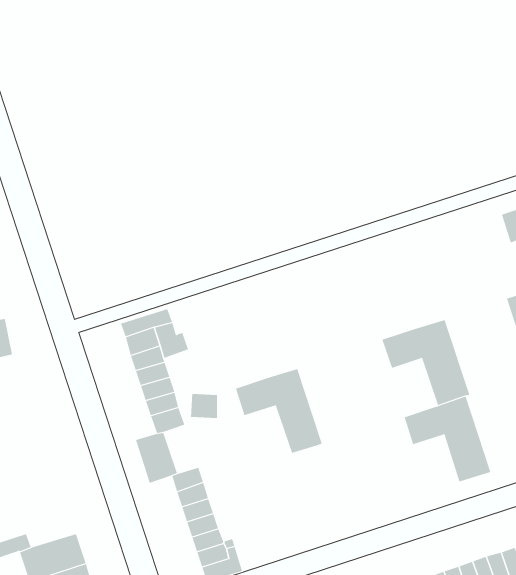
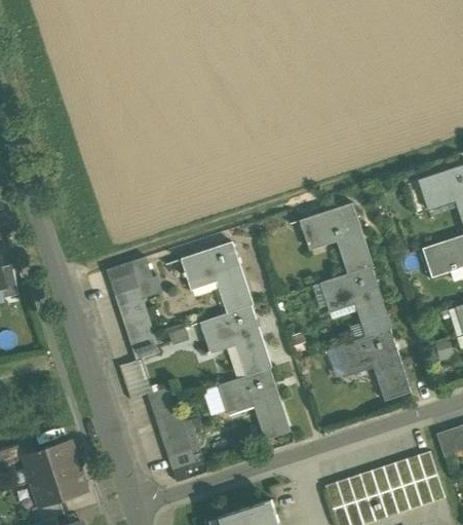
building: none -> [299,201,374,273]
building: none -> [180,241,252,313]
building: none -> [217,369,290,439]

